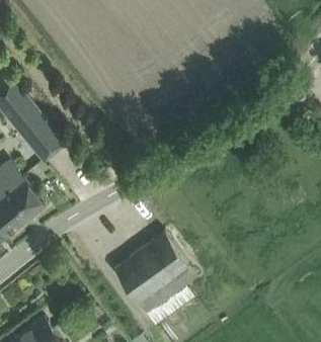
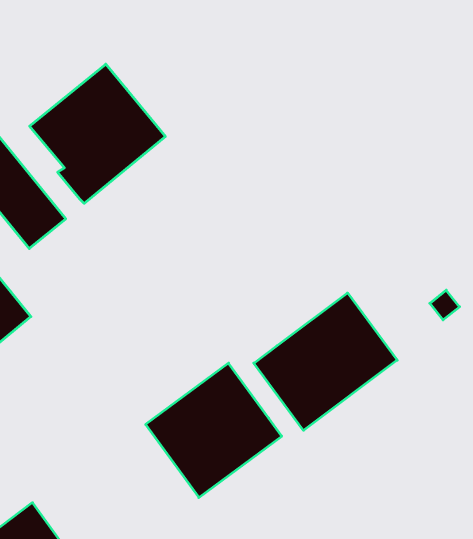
building: none -> [30,64,165,203]
building: none -> [254,293,397,430]

